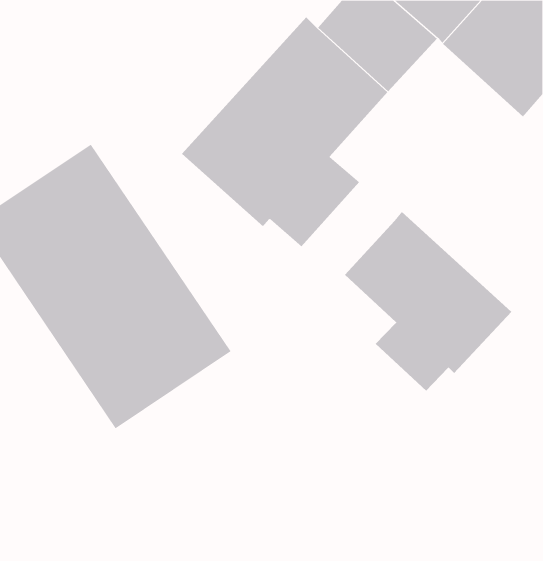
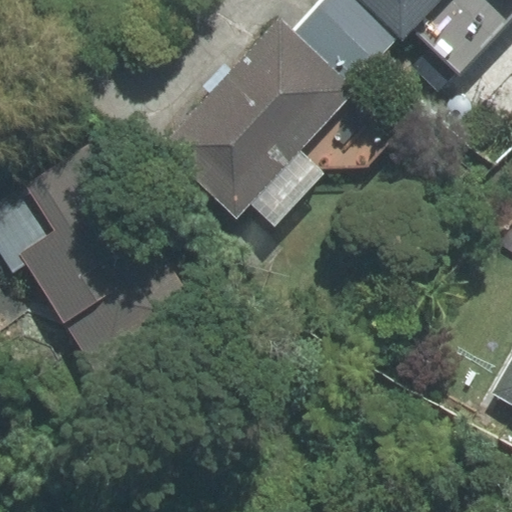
building: [344,211,512,391] -> none

